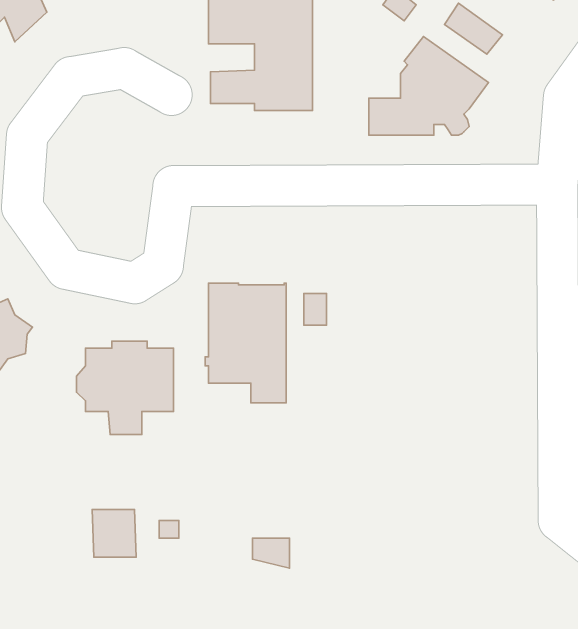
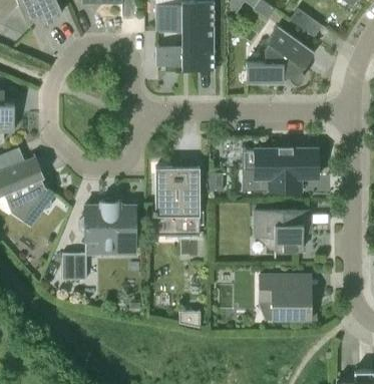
building: none -> [243,148,314,191]
building: none -> [255,211,311,258]
building: none -> [260,275,311,319]
building: [92,510,136,557] -> [62,253,87,280]

